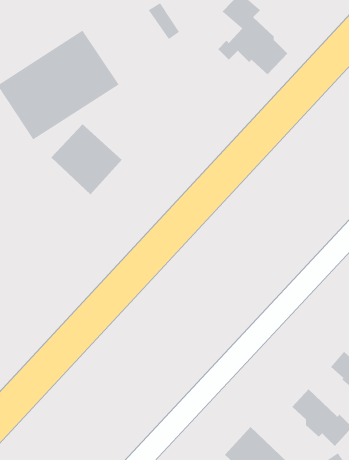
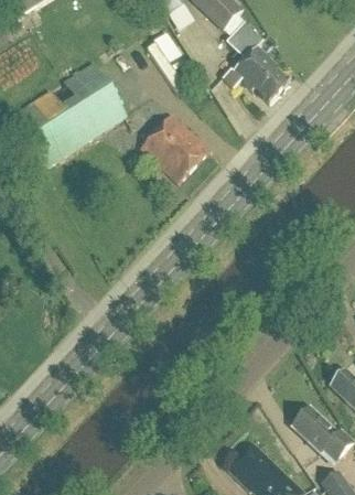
building: [51,123,122,195] -> [140,115,209,184]

